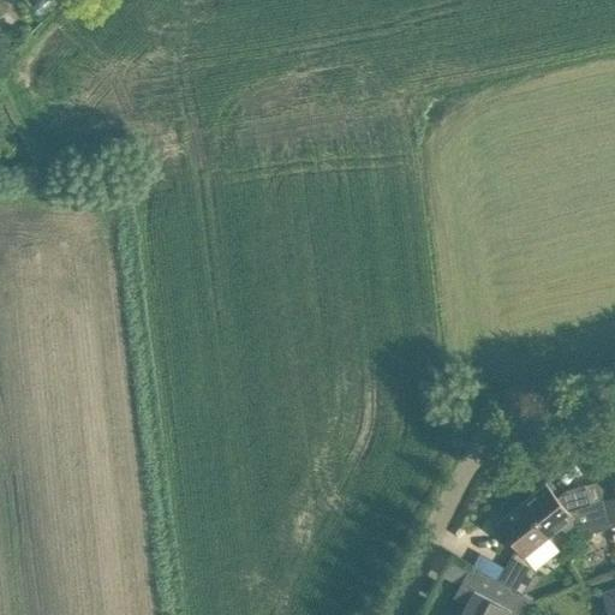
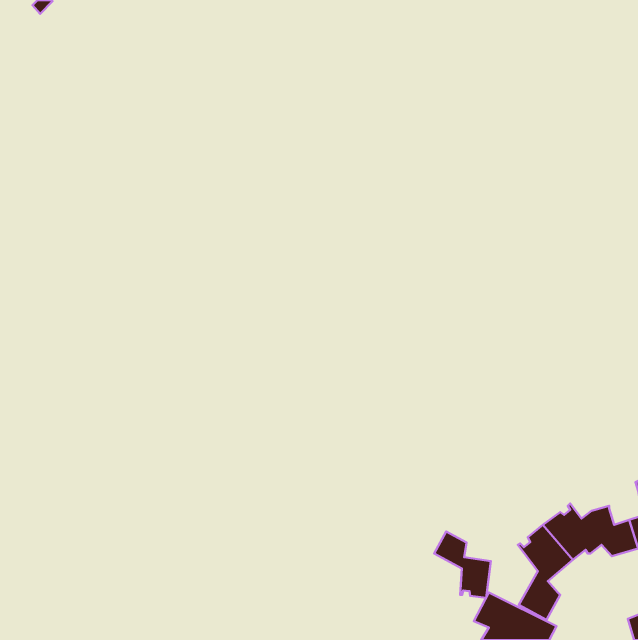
building: none -> [434,531,491,598]

